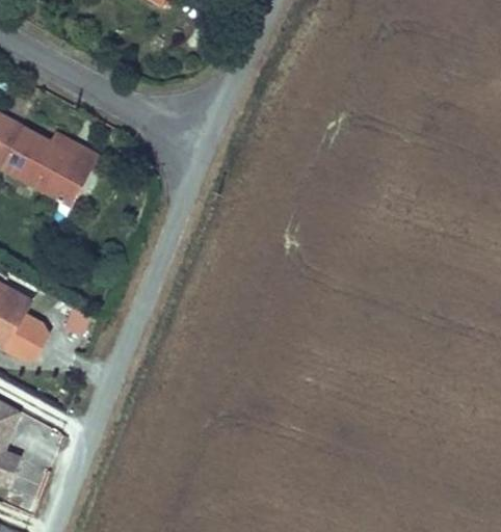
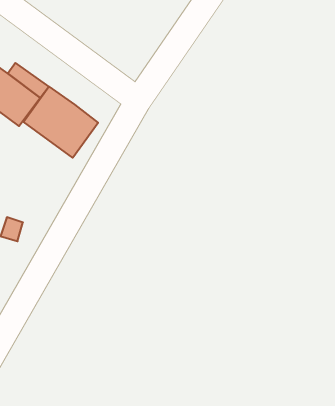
building: none -> [23,87,98,158]

